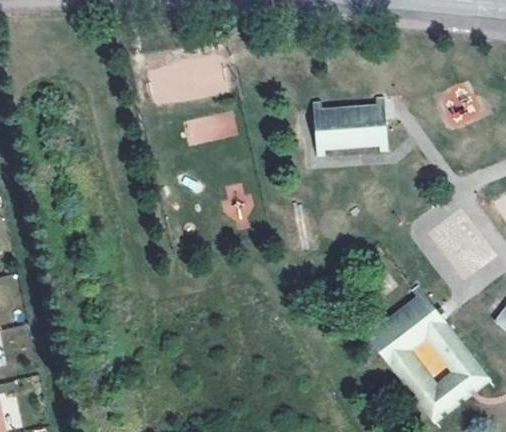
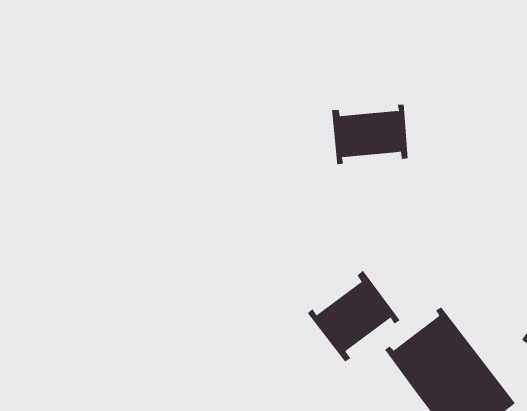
building: none -> [307,270,401,362]

